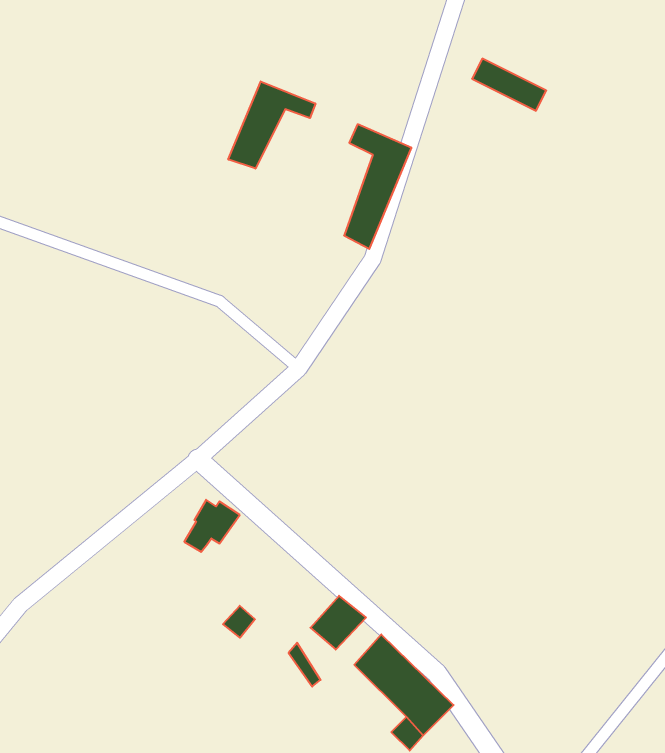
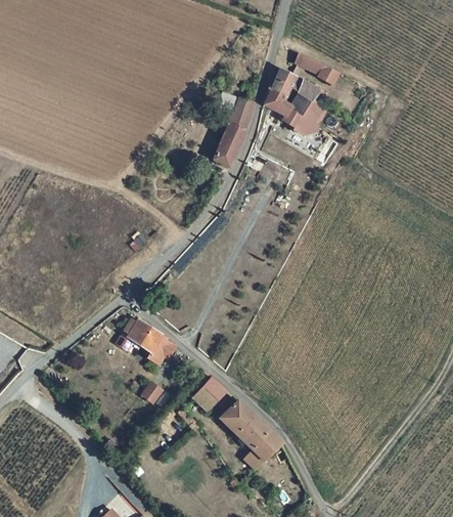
building: [228,81,315,169] -> none
building: none -> [265,69,323,129]
building: none -> [139,329,176,365]

